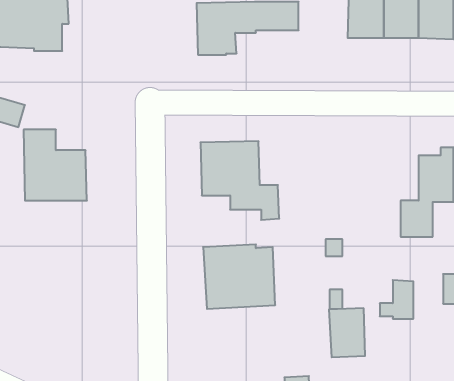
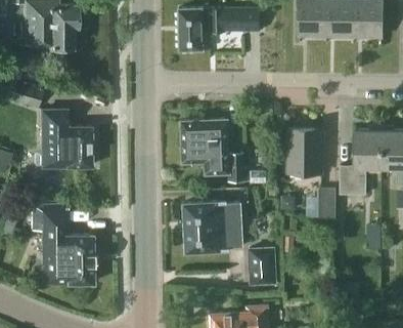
building: none -> [288,129,322,173]
building: none -> [32,205,93,283]
building: [380,280,413,319] -> [309,189,335,219]
building: [329,308,365,357] -> [249,247,277,286]

